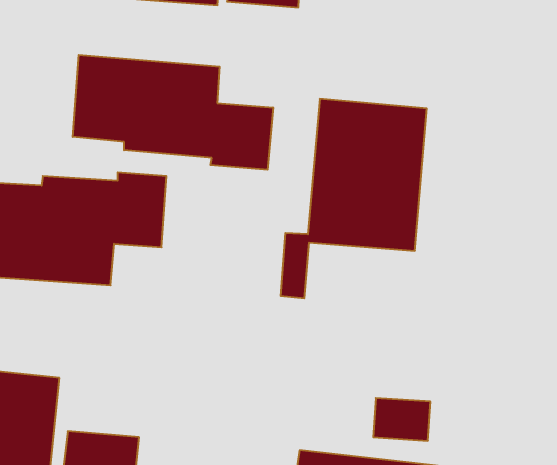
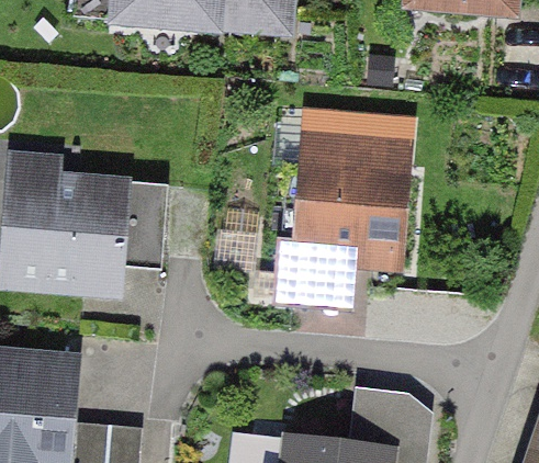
building: [73,55,273,170] -> none

